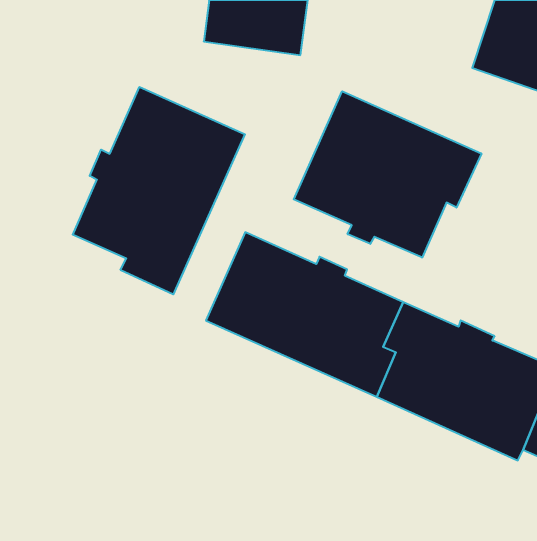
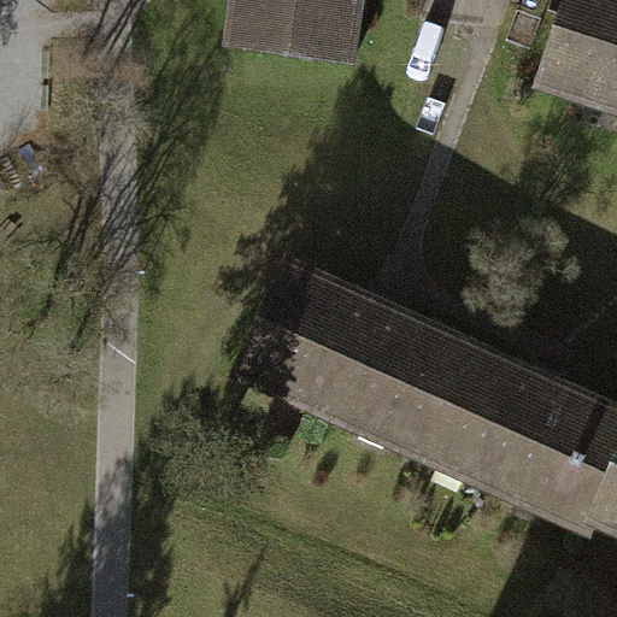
building: [73,87,245,294] -> none
building: [294,91,481,258] -> none

